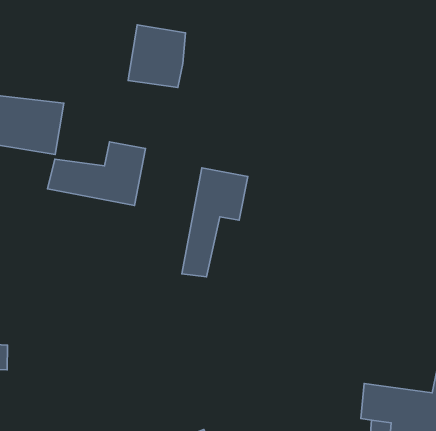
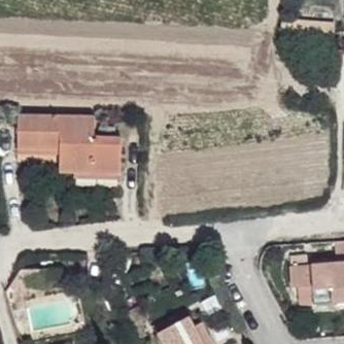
building: [128,25,185,87] -> [63,111,98,149]
building: [182,168,248,277] -> none

